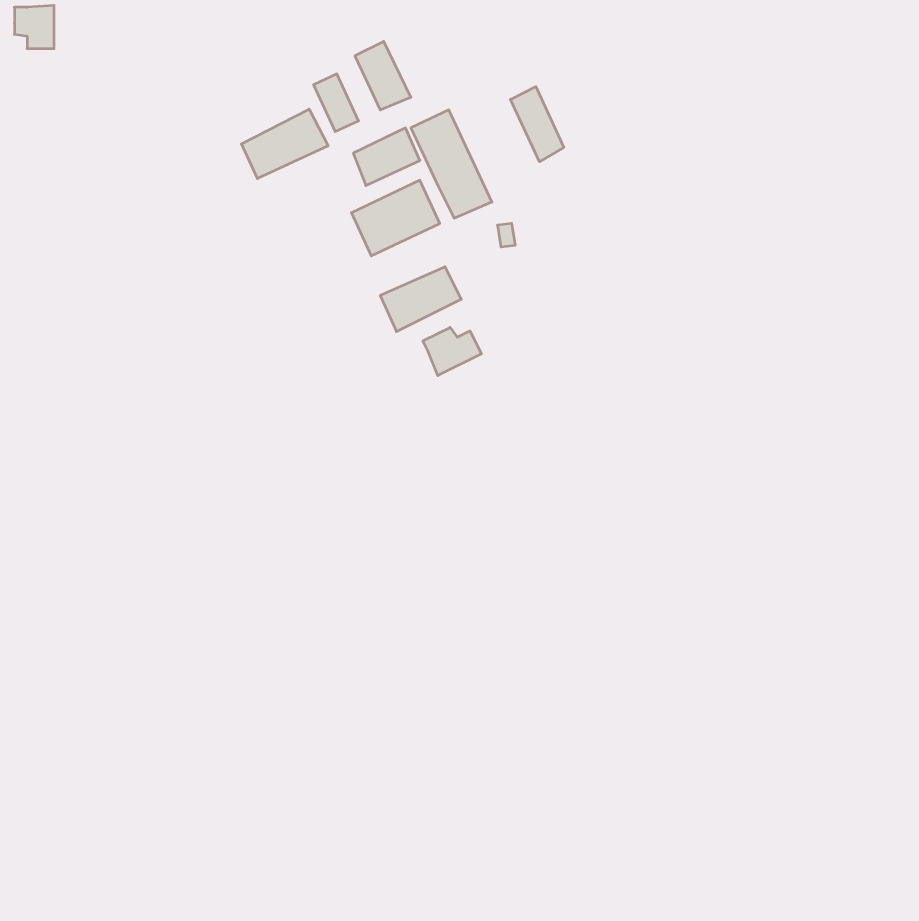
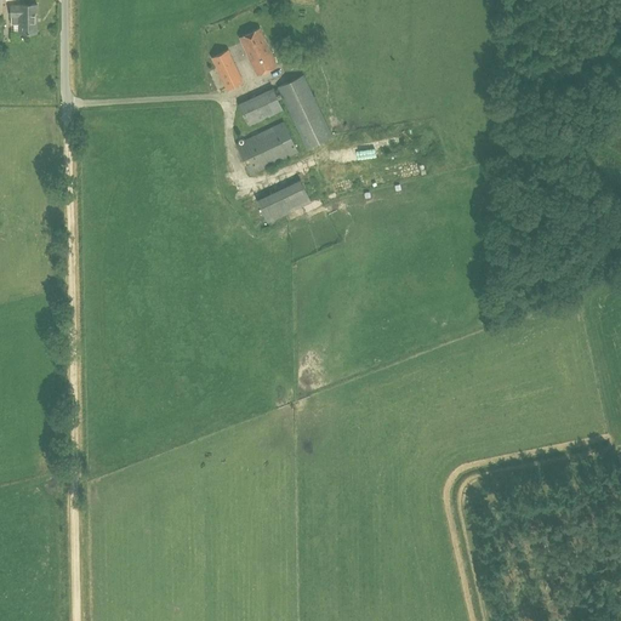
building: [510,87,564,162] -> none
building: [241,109,328,179] -> none
building: [423,327,481,376] -> none

